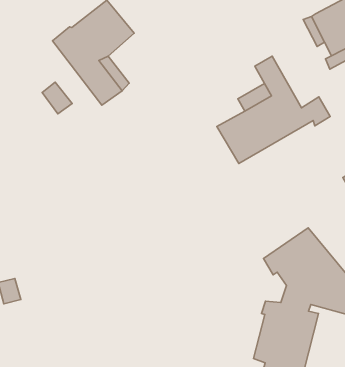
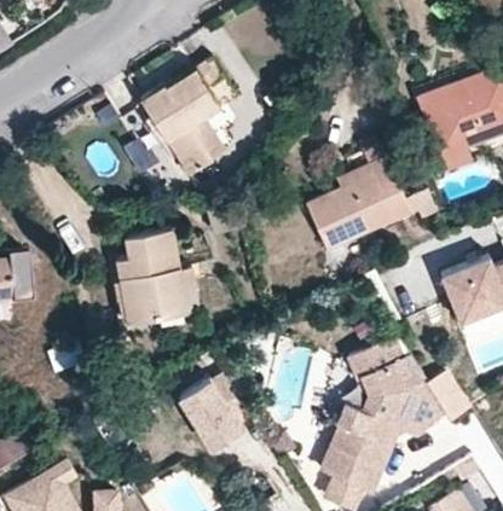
building: none -> [120,226,187,323]
building: none -> [183,371,258,446]

